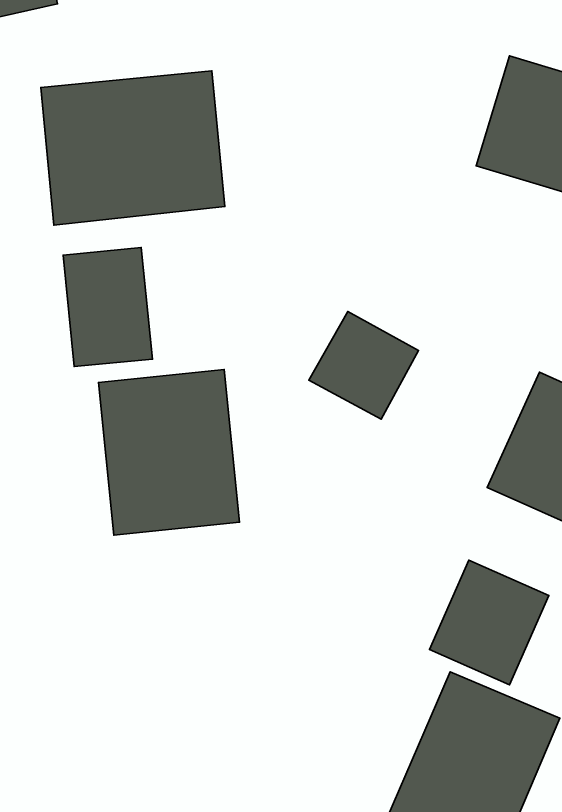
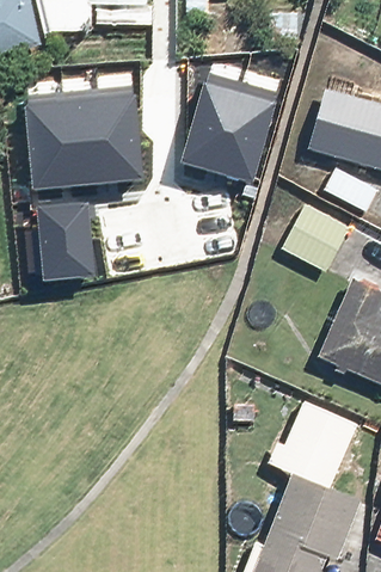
building: none -> [182,79,279,184]
building: [309,311,418,419] -> [275,201,345,270]
building: [98,370,239,535] -> none

